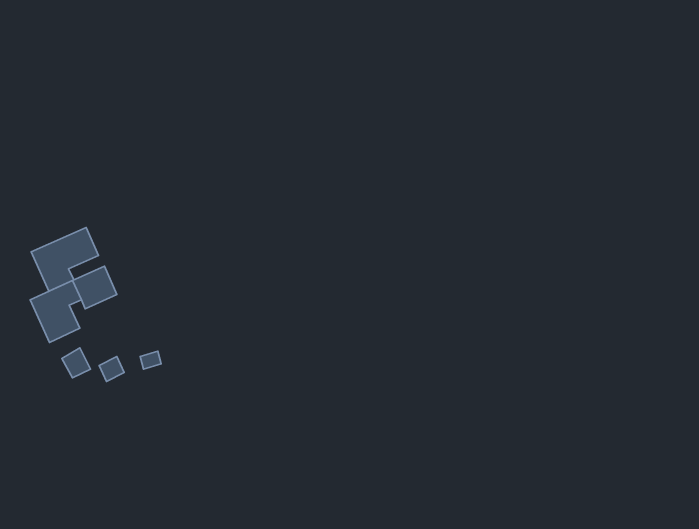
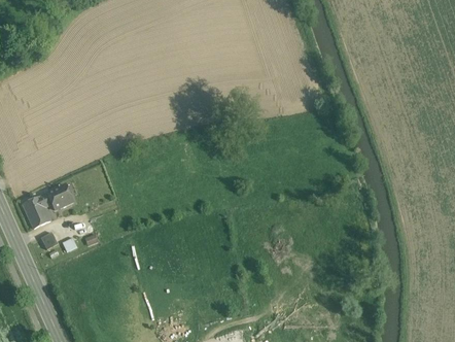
building: [31,227,98,291] -> none

